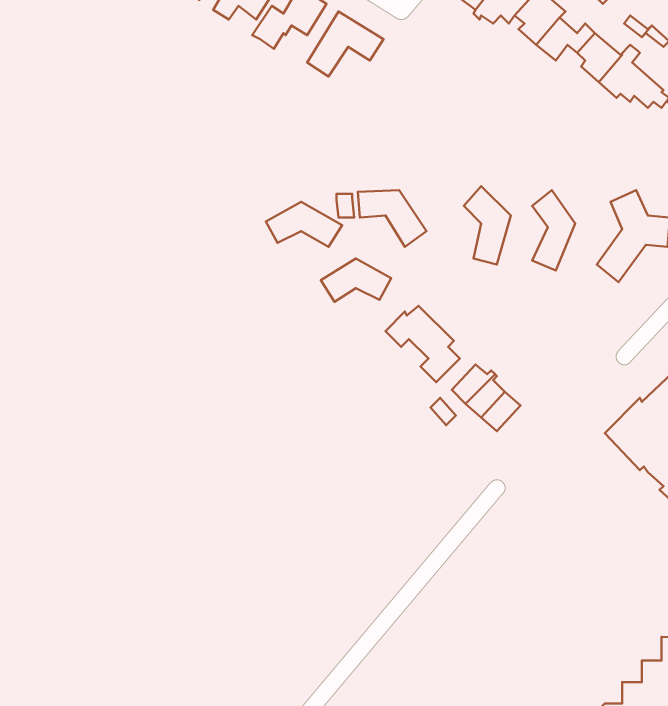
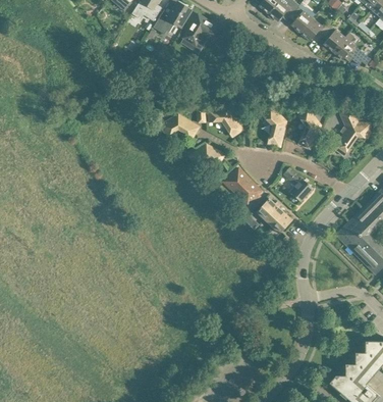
building: none -> [283,167,313,202]

